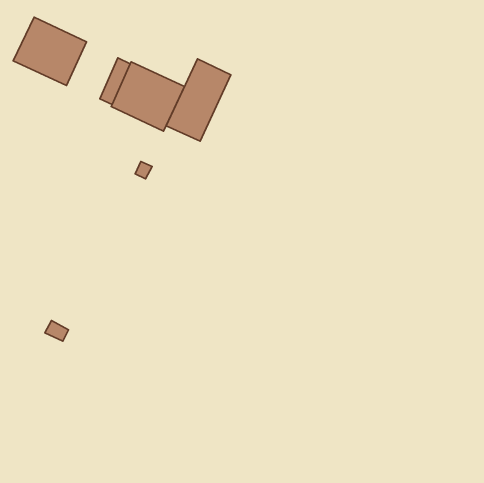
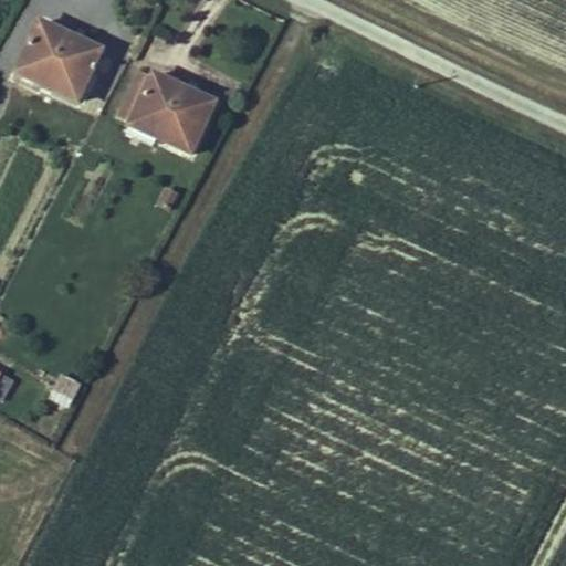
building: [166,59,231,141] -> none

